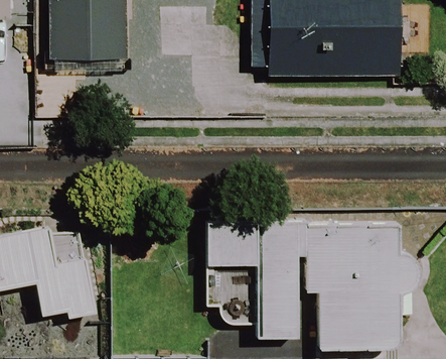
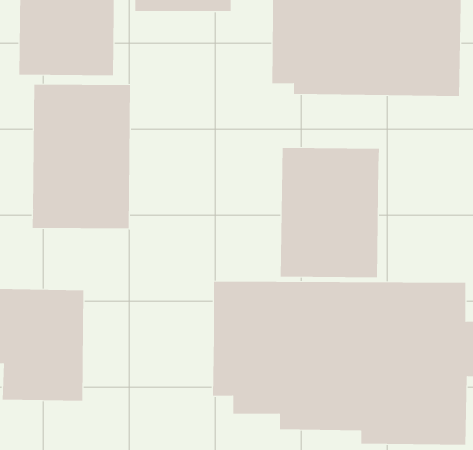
building: none -> [32,84,131,229]
building: none -> [280,147,379,278]

